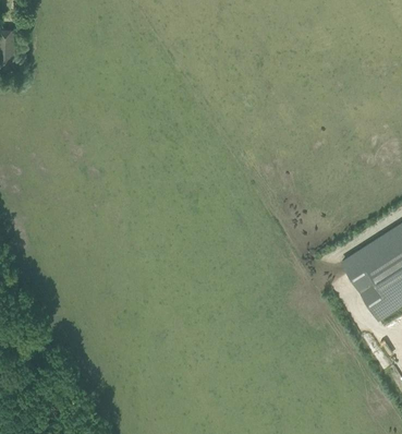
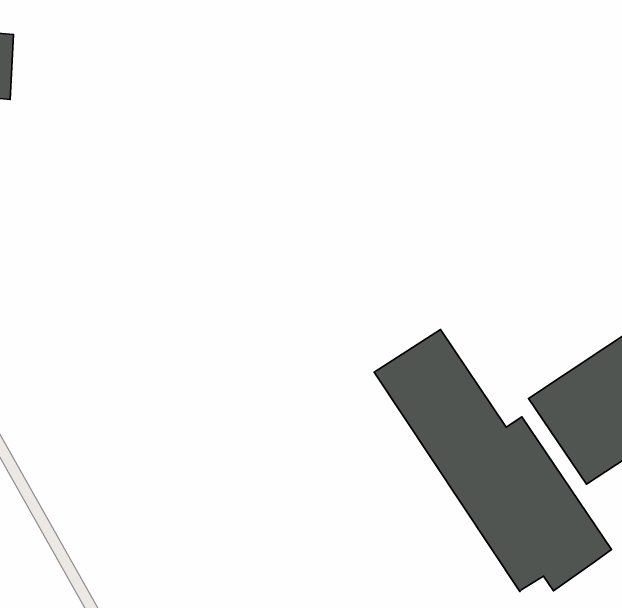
building: none -> [374,329,611,592]

